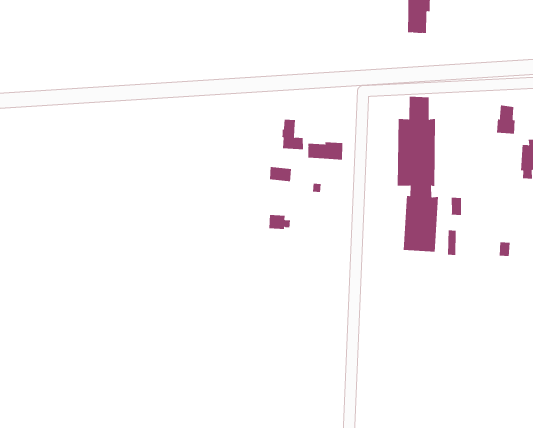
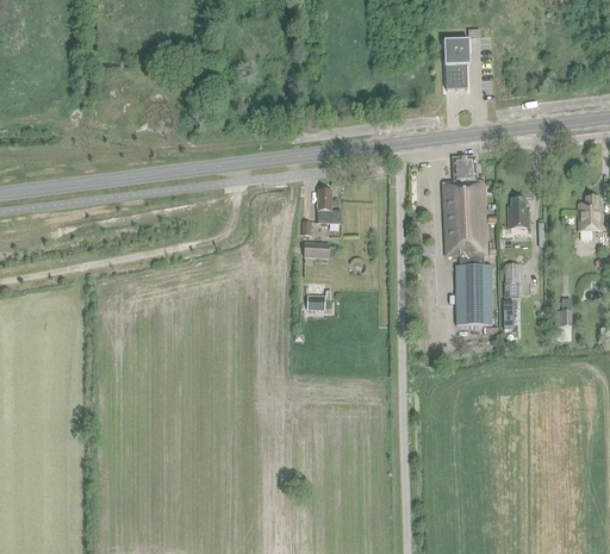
building: [496,105,516,134] -> [506,197,527,228]
building: [308,141,343,160] -> none

